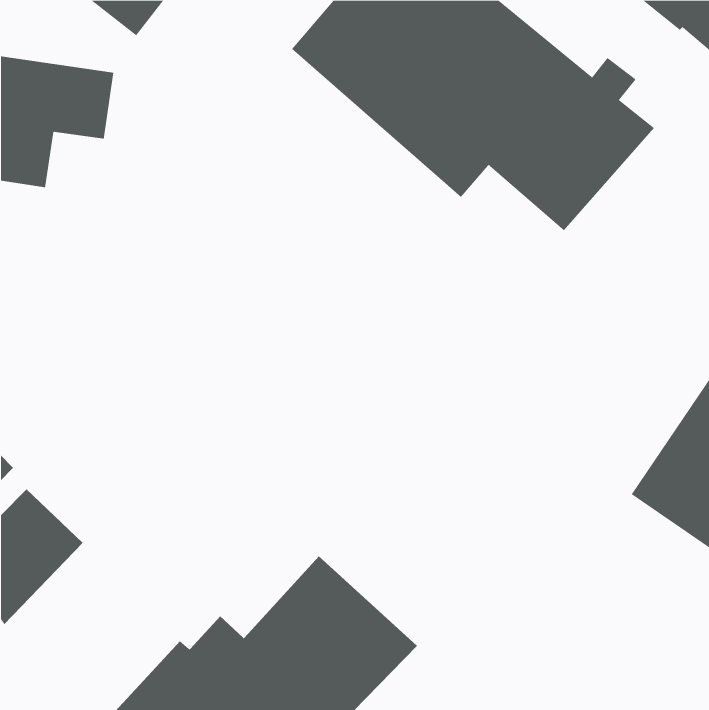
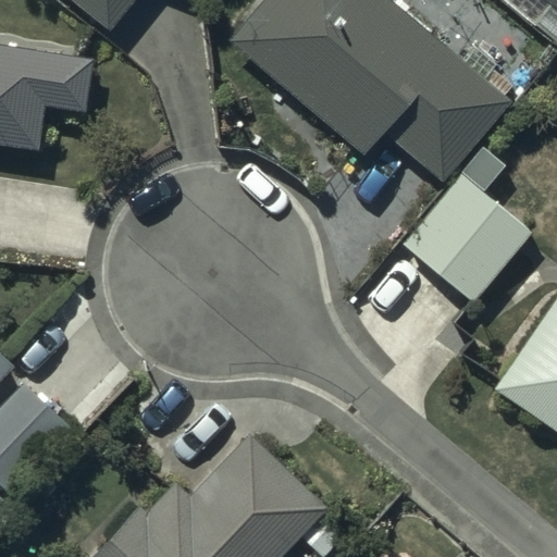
building: none -> [404,173,531,302]

